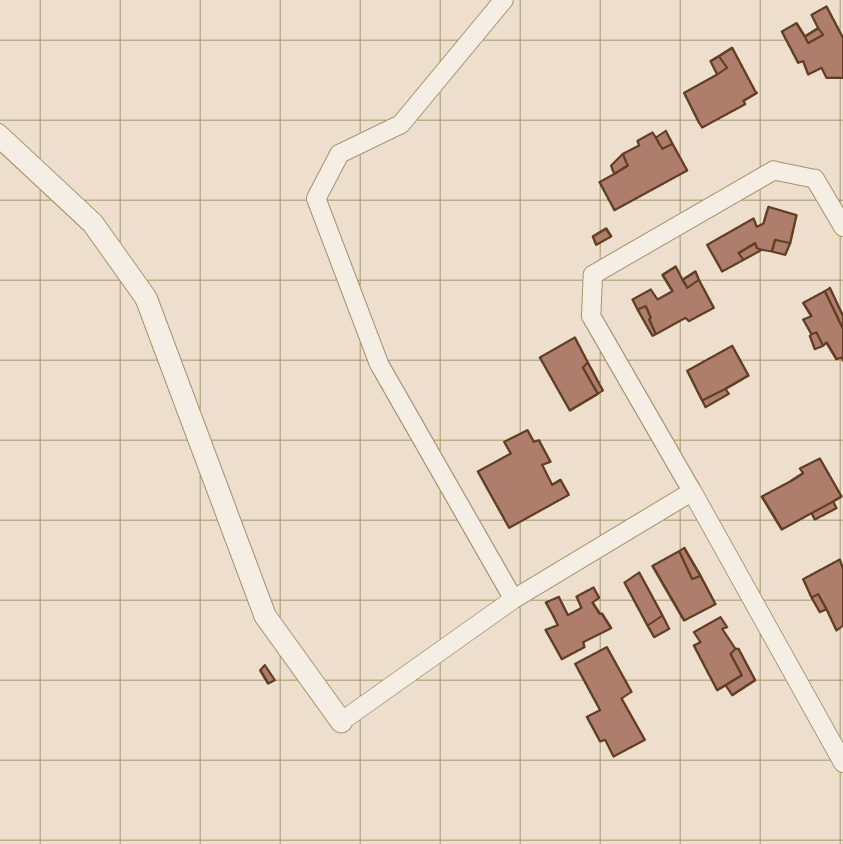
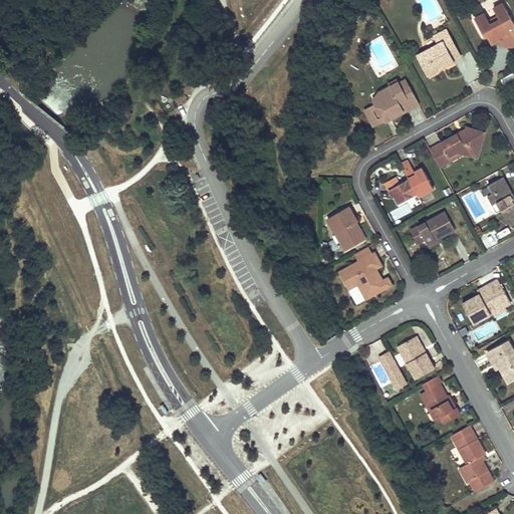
building: [478,430,569,528] -> [337,246,393,305]
building: [546,588,611,659] -> none
building: [575,647,645,756] -> [451,425,493,491]

